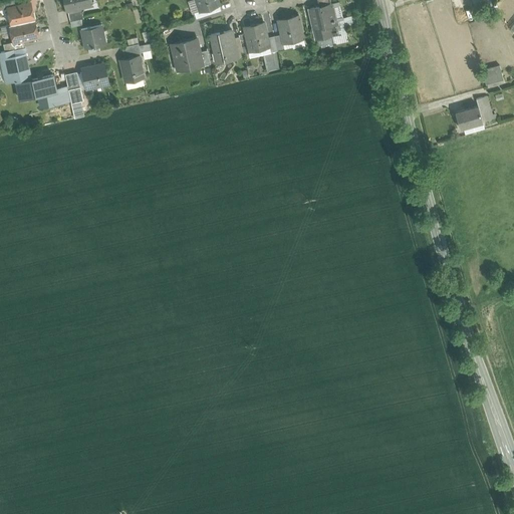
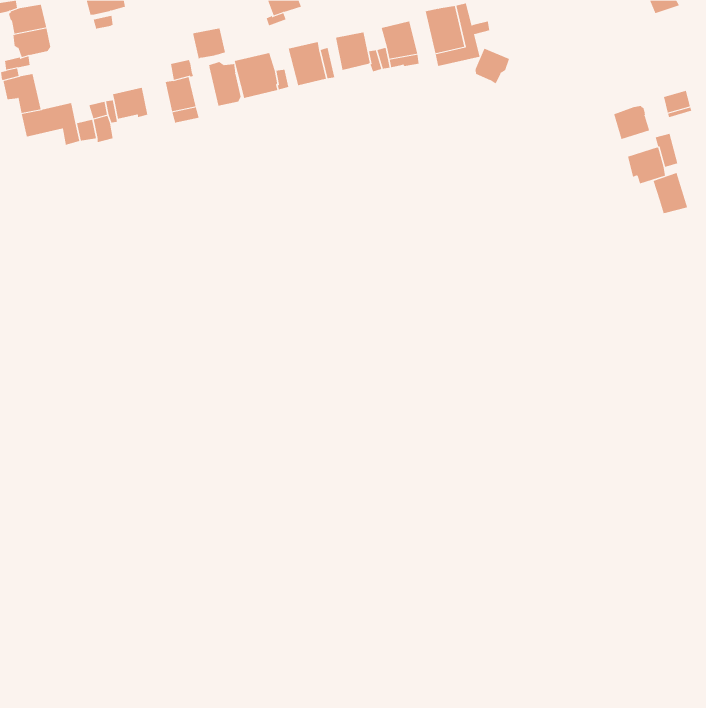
building: [80,25,104,48] -> [193,28,226,60]
building: none -> [475,48,510,84]
building: none -> [208,61,241,107]
building: none -> [613,105,650,140]
building: none -> [653,172,688,215]

